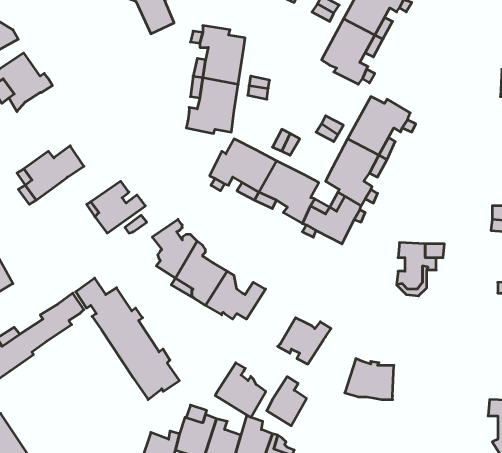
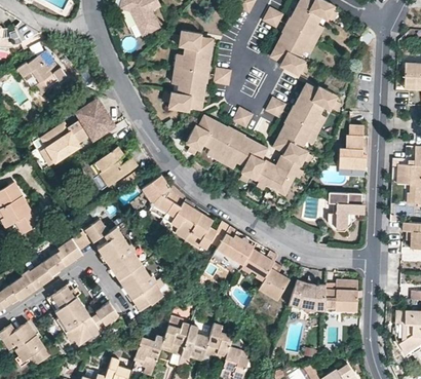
building: none -> [76,100,117,140]
building: none -> [339,126,366,168]
building: none -> [323,280,356,312]
building: [215,363,266,417] -> [213,228,251,269]
building: none -> [48,287,119,346]
building: [267,377,306,426] -> [256,267,285,304]

